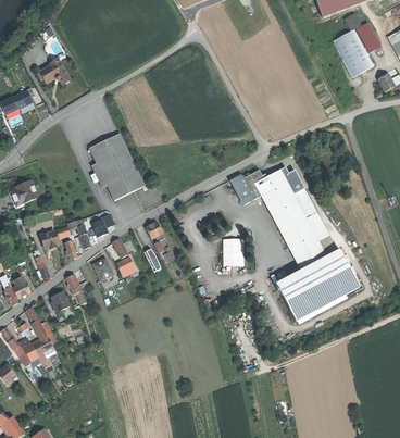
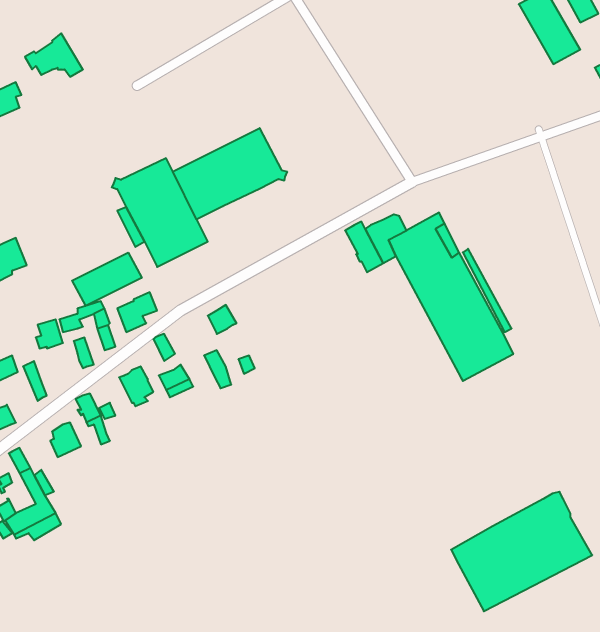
building: none -> [173,128,287,219]
building: none -> [72,253,142,306]
building: [224,238,246,265] -> none
building: [274,247,359,318] -> [451,492,592,611]

